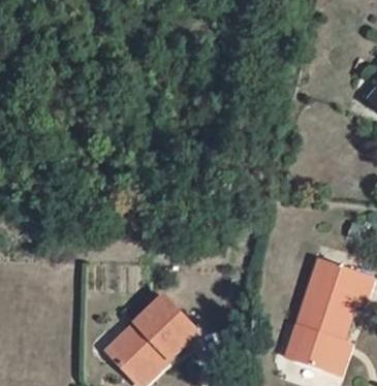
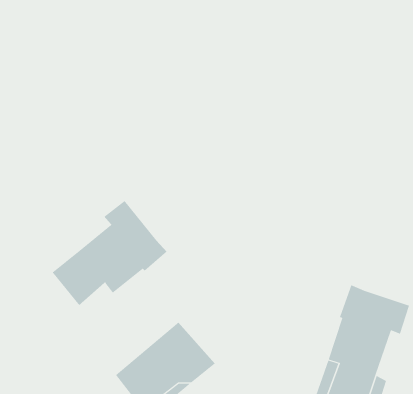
building: none -> [52,200,168,306]

